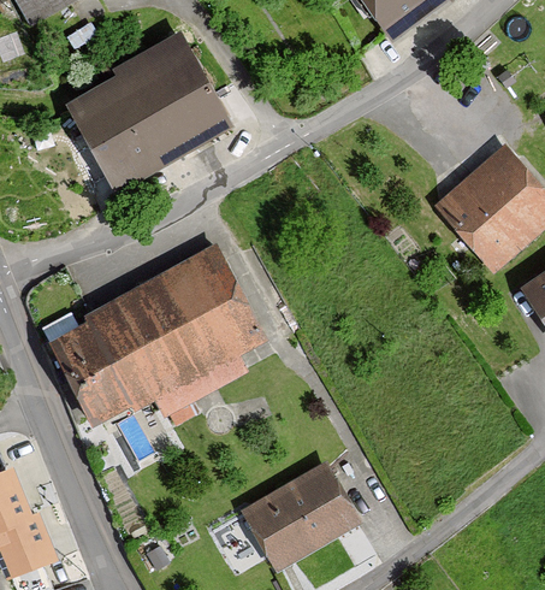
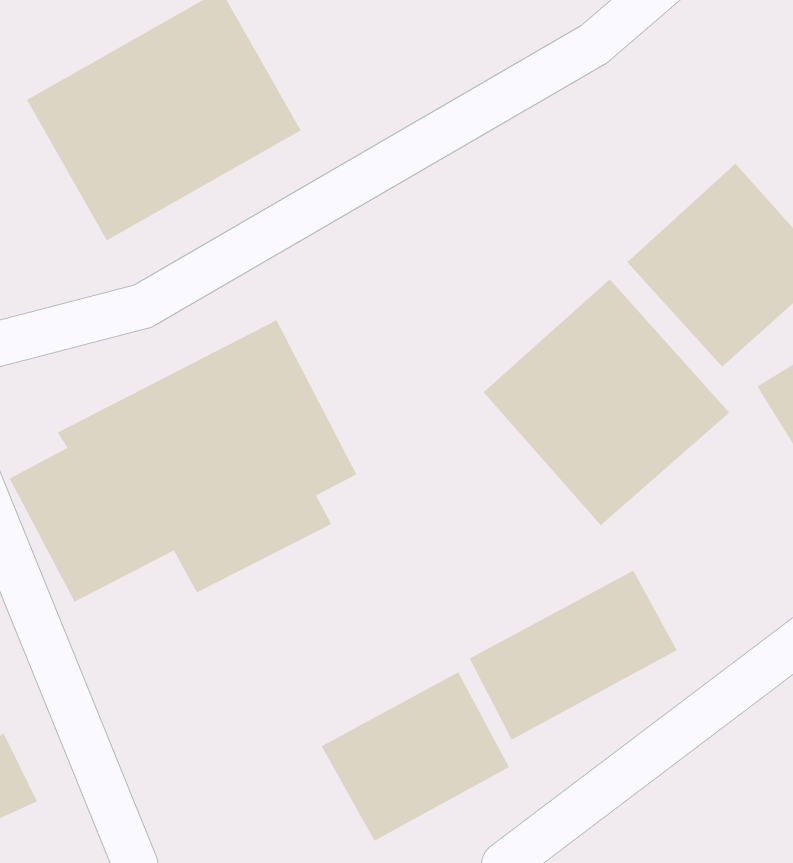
building: none -> [483,279,730,526]
building: none -> [469,570,677,741]

